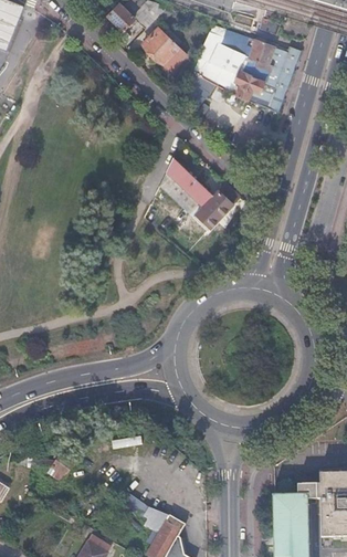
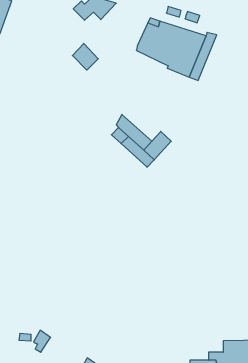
building: [144,28,179,64] -> [72,43,98,70]

